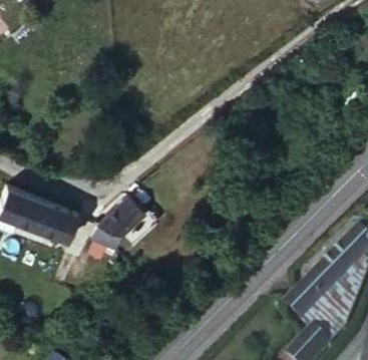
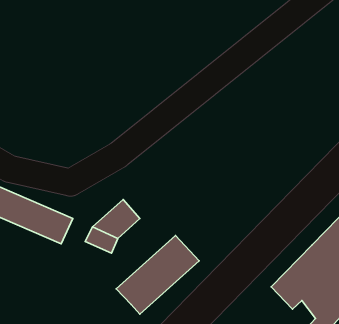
building: none -> [116,236,199,314]

